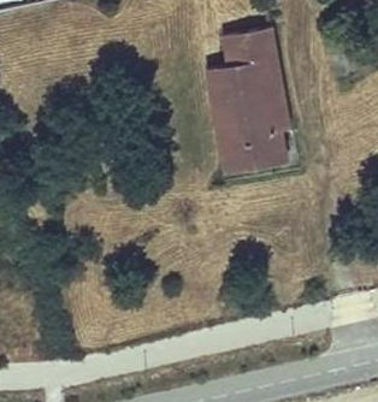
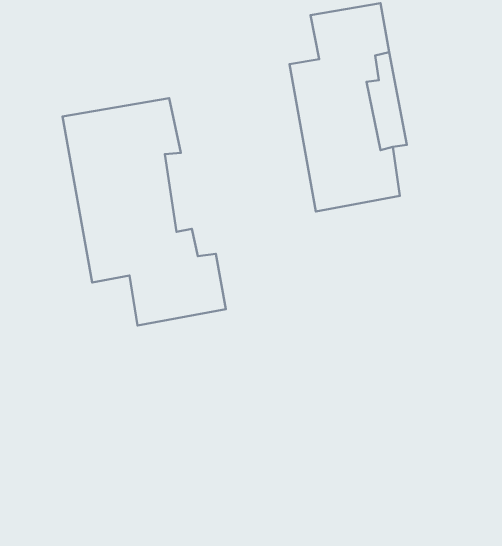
building: none -> [62,98,226,325]

